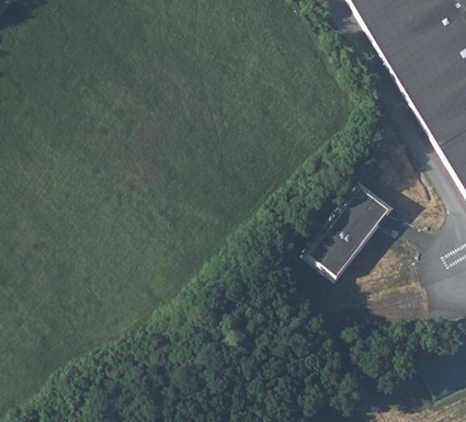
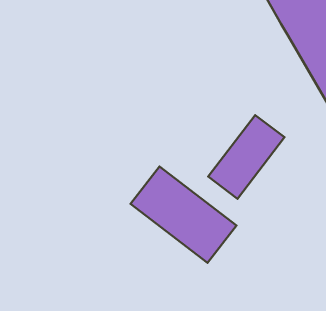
building: none -> [131,167,236,263]

